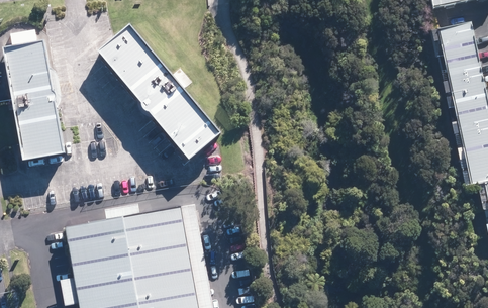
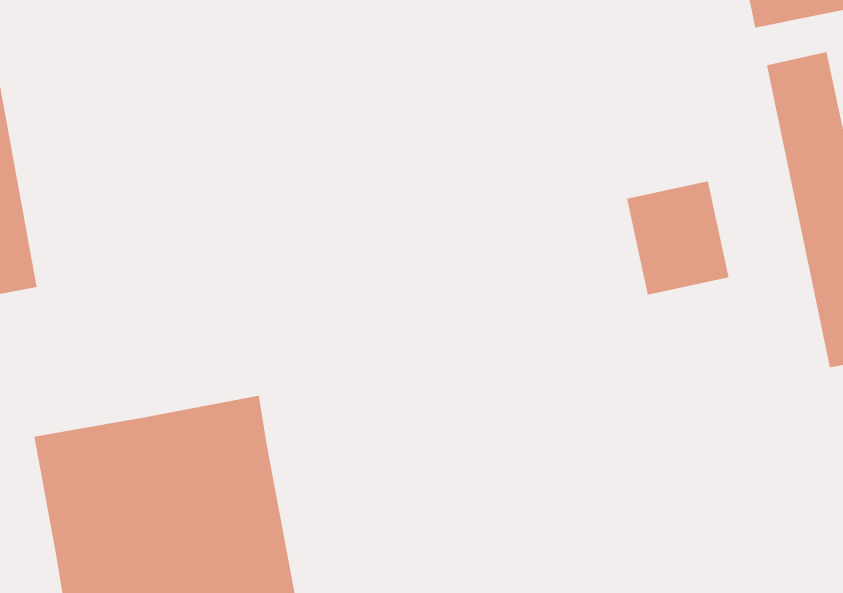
building: [97,25,219,161] -> none
building: none -> [627,181,729,295]

